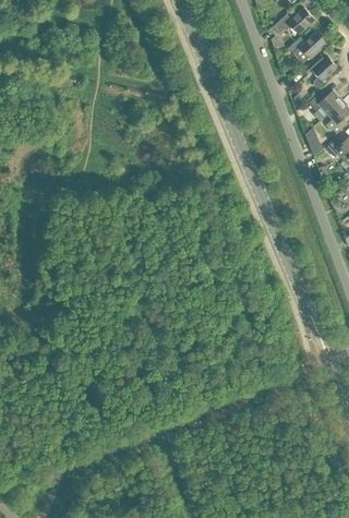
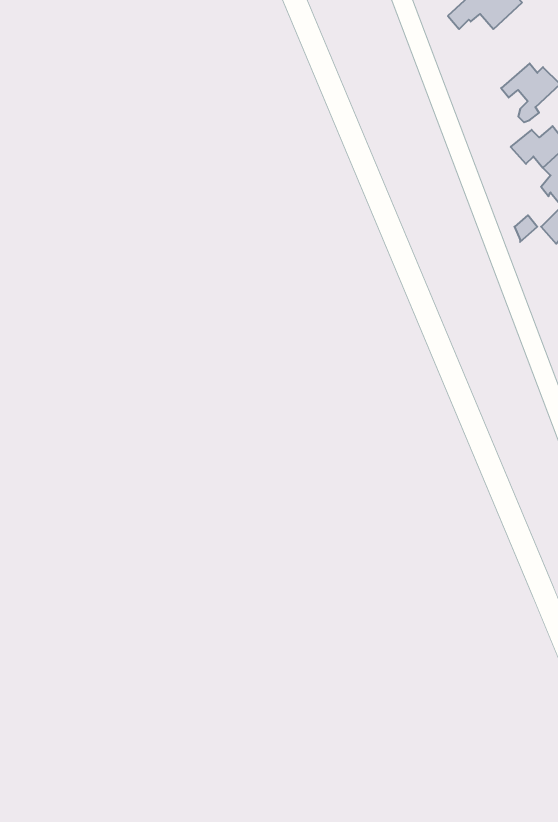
building: [288,32,326,63] -> none

